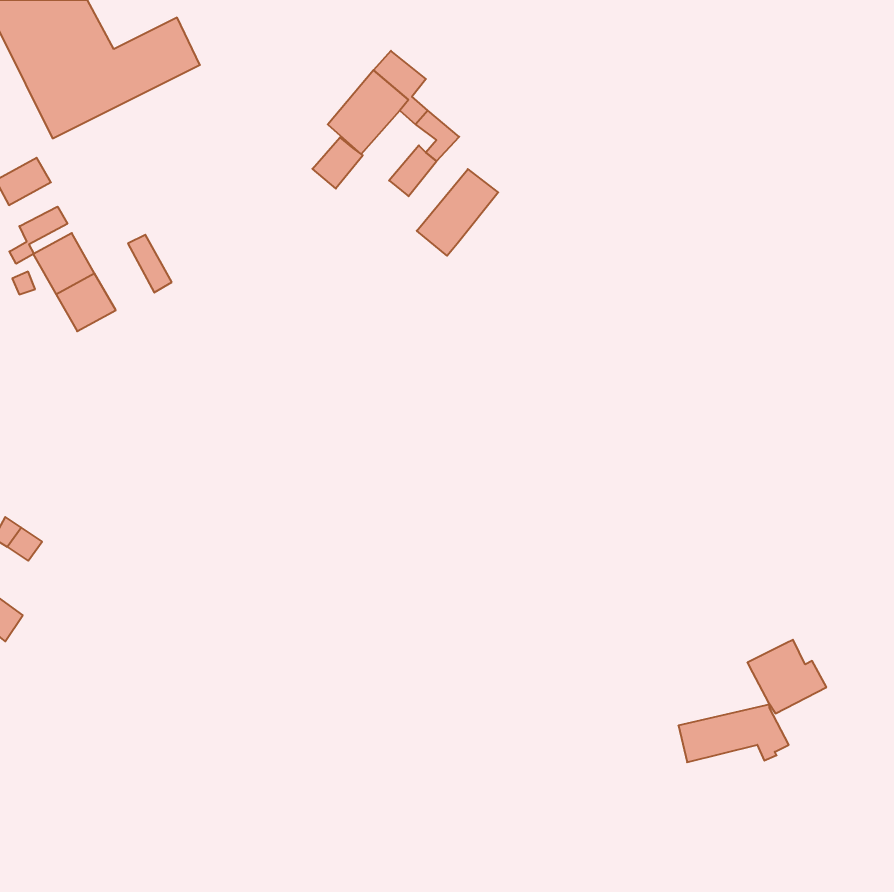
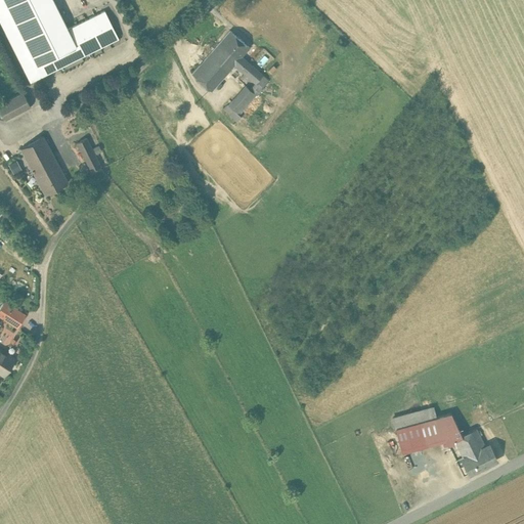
building: [312,137,363,189] -> none
building: [417,169,498,256] -> none
building: [9,207,67,264] -> none
building: [747,640,826,713] -> [452,428,498,471]

